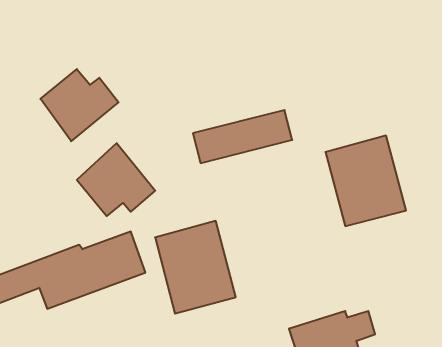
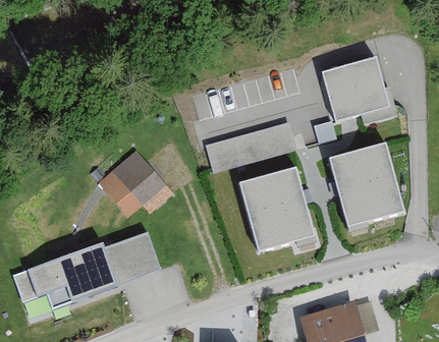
building: none -> [323,58,389,121]
building: [40,69,119,141] -> none
building: [155,221,236,314] -> [240,167,315,252]

